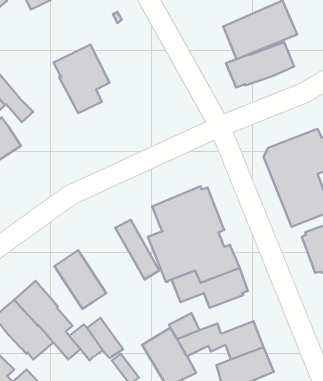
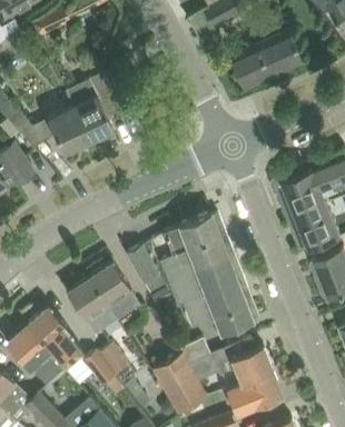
building: [226,42,294,88] -> none
building: none -> [31,106,89,153]
building: none -> [89,262,139,319]

